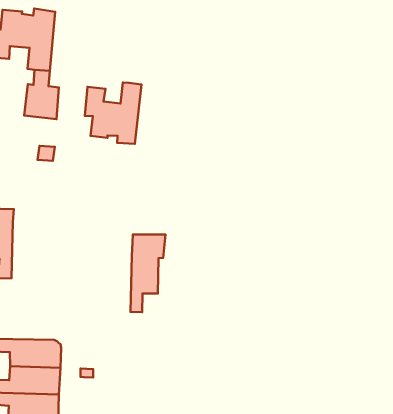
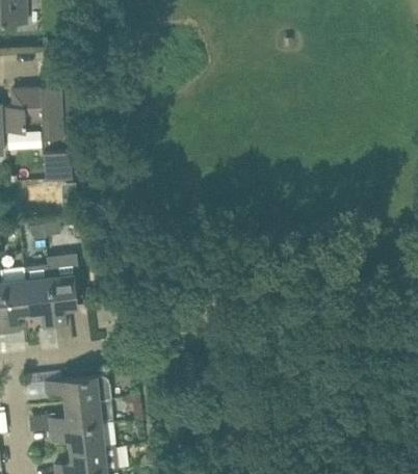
building: [85,82,142,144] -> none
building: [131,234,166,312] -> [47,254,77,326]

